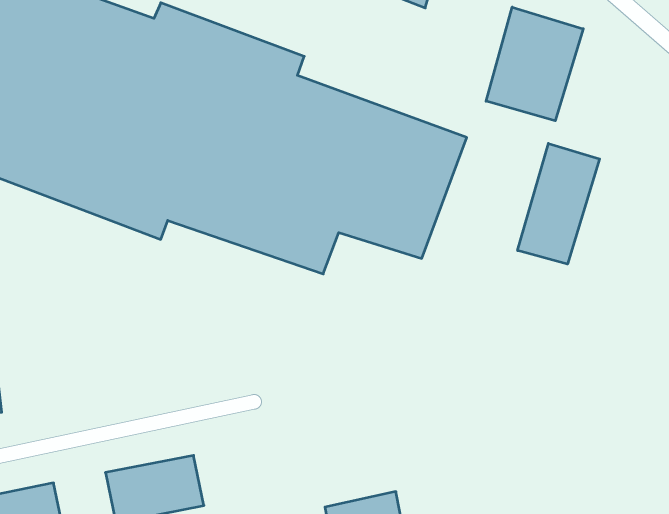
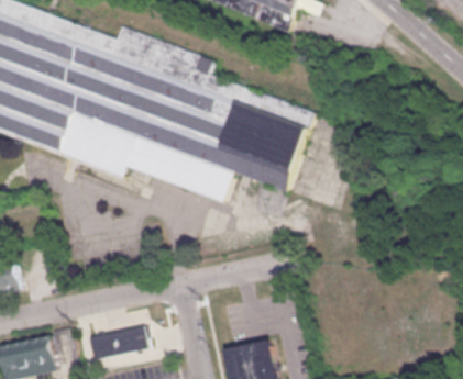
building: [486,7,583,121] -> none
building: [518,143,600,264] -> none

